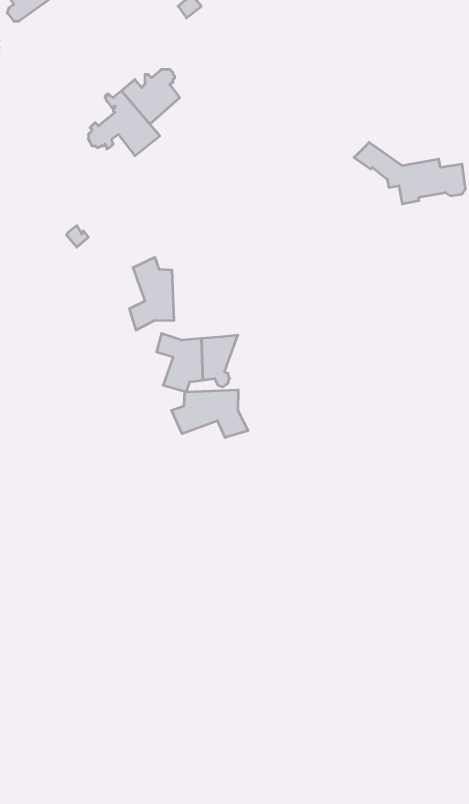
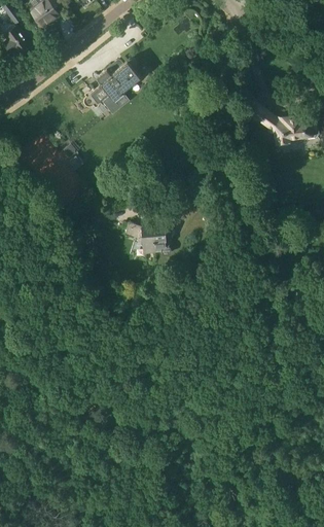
building: [130,257,174,330] -> none
building: [172,390,248,438] -> none

